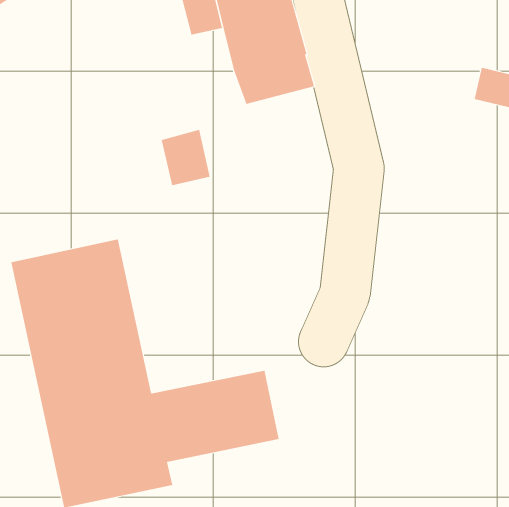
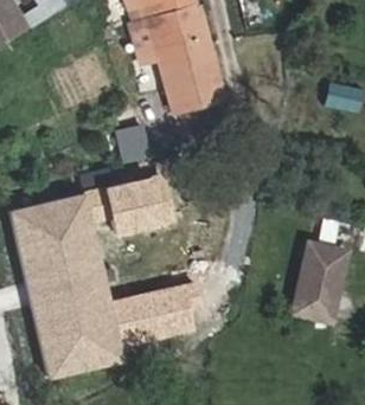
building: none -> [110,178,174,233]
building: none -> [287,237,342,315]

